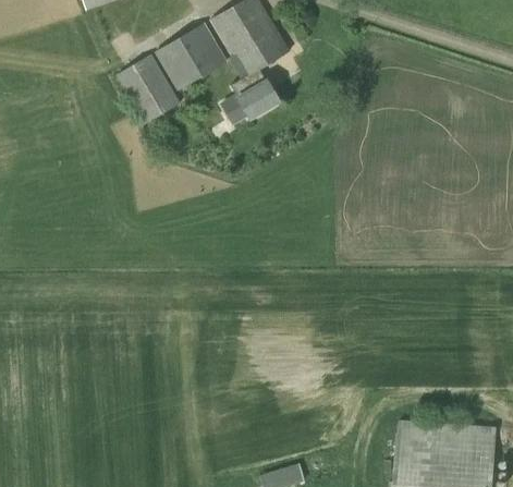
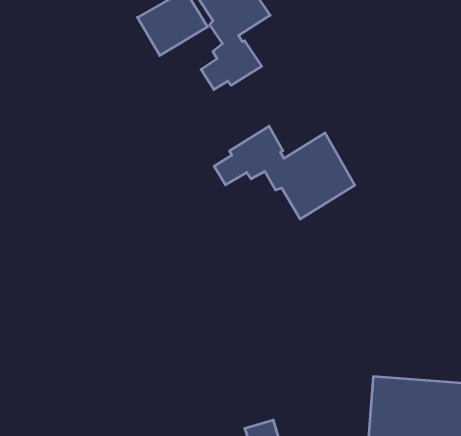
building: [118,54,181,123] -> none
building: none -> [214,126,355,219]

